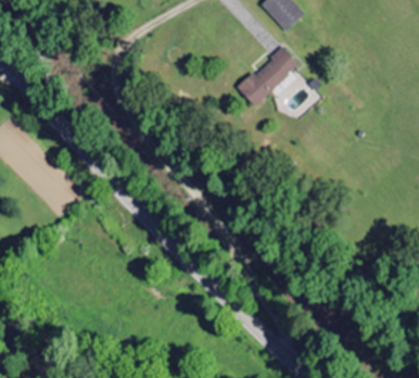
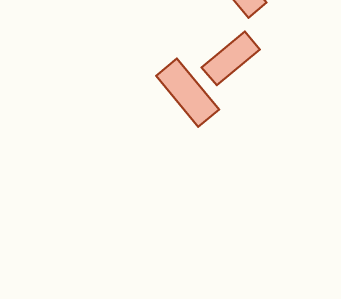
building: none -> [156,59,219,127]

